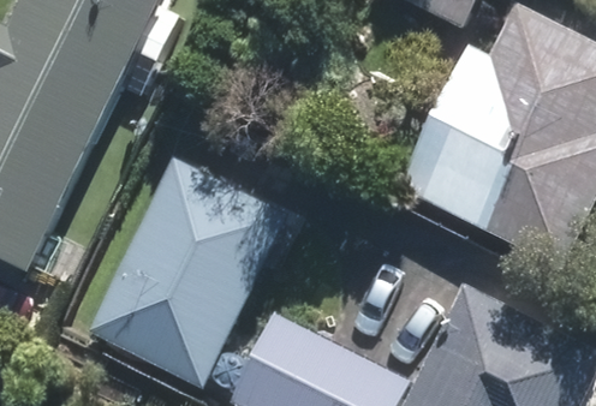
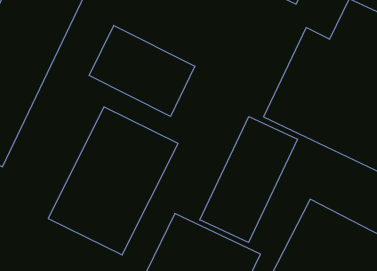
building: none -> [89,25,195,116]
building: none -> [200,117,298,242]

